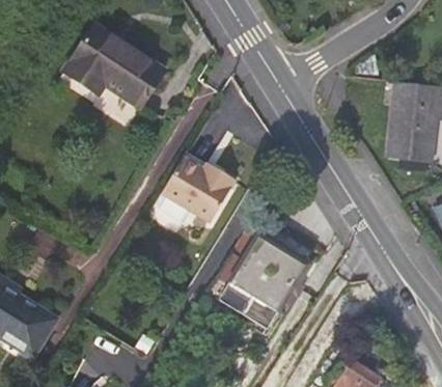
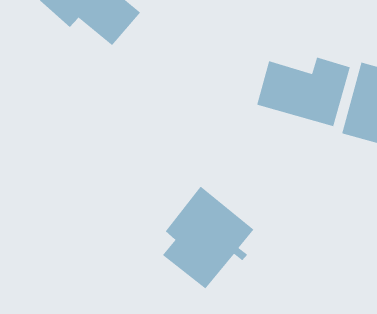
building: none -> [256,56,351,127]
building: [166,153,240,217] -> none

